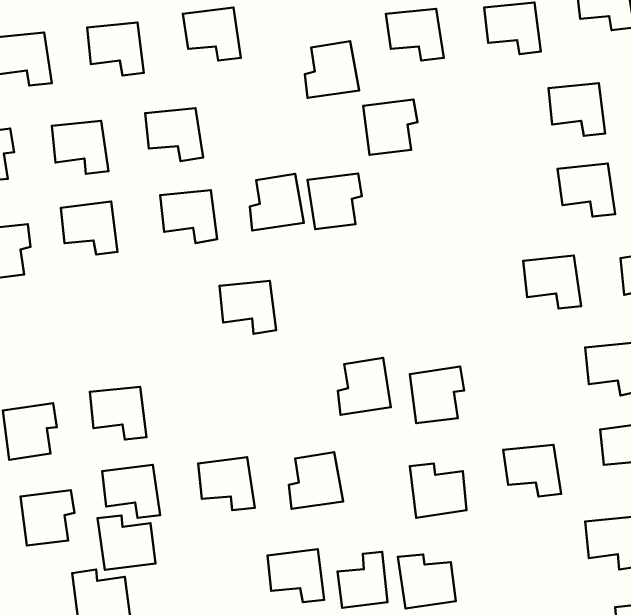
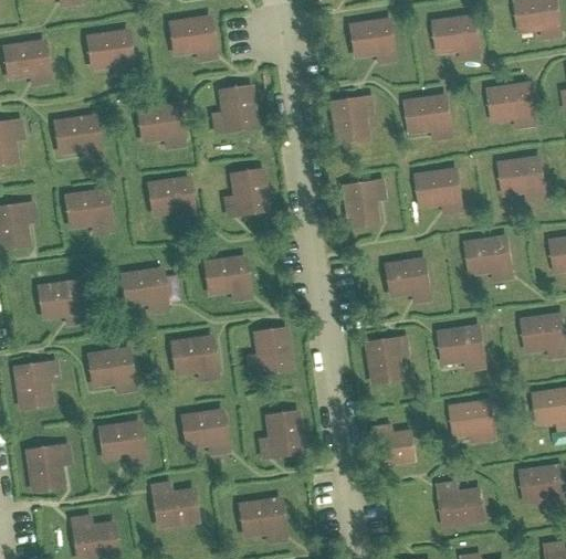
building: [305,41,359,98] -> [212,82,260,131]
building: none -> [403,92,453,138]
building: [308,174,362,229] -> [336,180,384,229]
building: none -> [415,166,464,212]
building: none -> [384,255,433,302]
building: none -> [116,266,167,313]
building: none -> [36,281,87,327]
building: none -> [439,325,490,371]
building: [338,358,391,415] -> [249,333,295,382]
building: none -> [170,337,220,383]
building: [97,516,155,570] -> [150,477,201,525]
building: [337,552,387,608] -> none
building: [398,554,456,609] -> [438,476,489,524]

